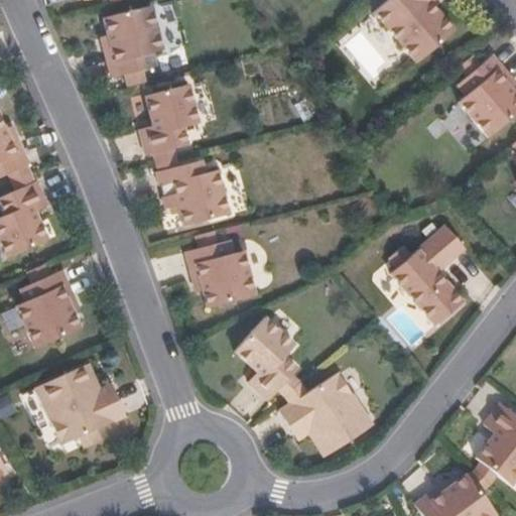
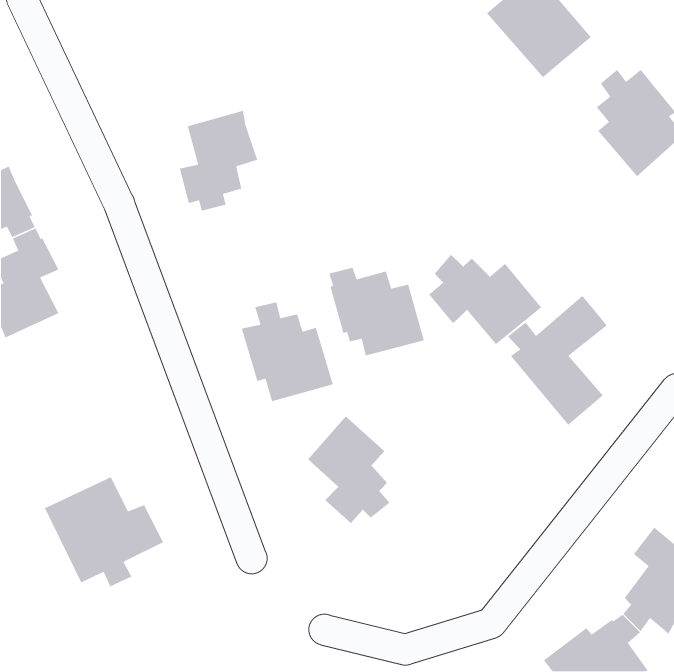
building: [99,5,161,85] -> none
building: [155,156,229,225] -> [328,267,425,357]
building: none -> [428,254,542,345]
building: [15,264,80,348] -> none
building: [278,372,372,457] -> none

